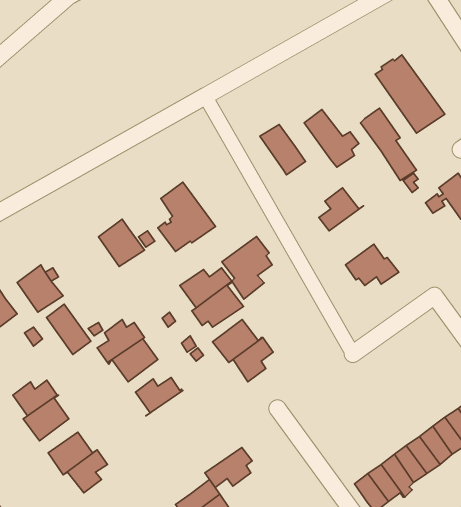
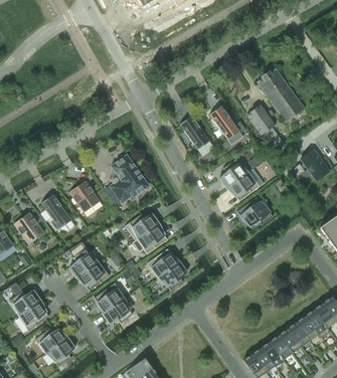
building: none -> [226,169,264,201]
building: [222,237,272,299] -> none
building: [46,304,91,355] -> [41,194,71,228]
building: [205,448,252,488] -> [102,297,134,324]

